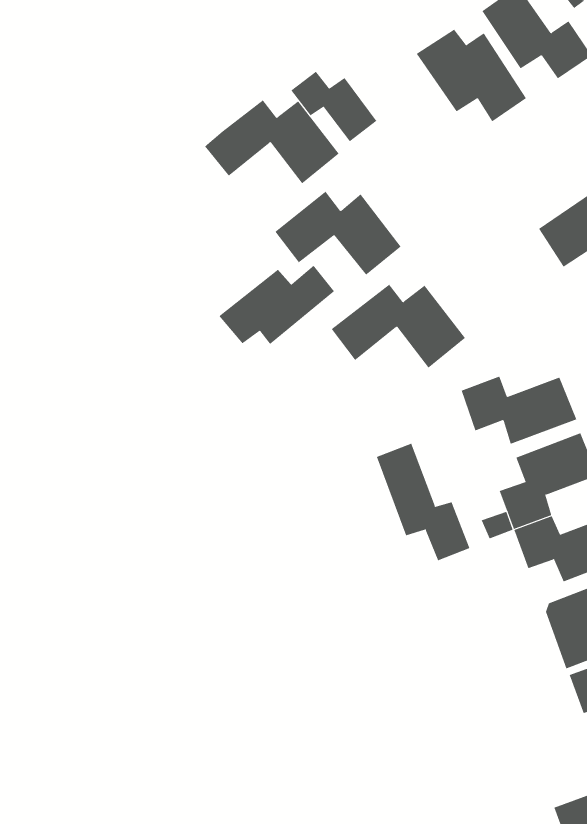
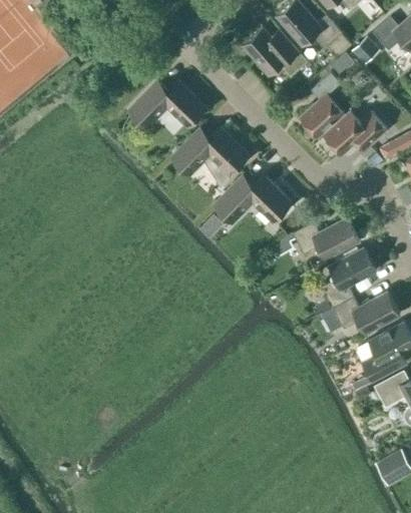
building: [291,71,377,142] -> none
building: none -> [300,72,344,137]
building: [219,265,335,345] -> none
building: [376,443,470,561] -> none

